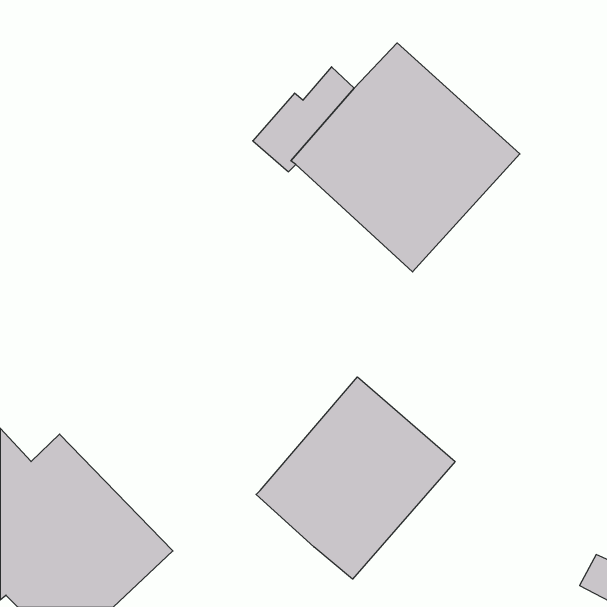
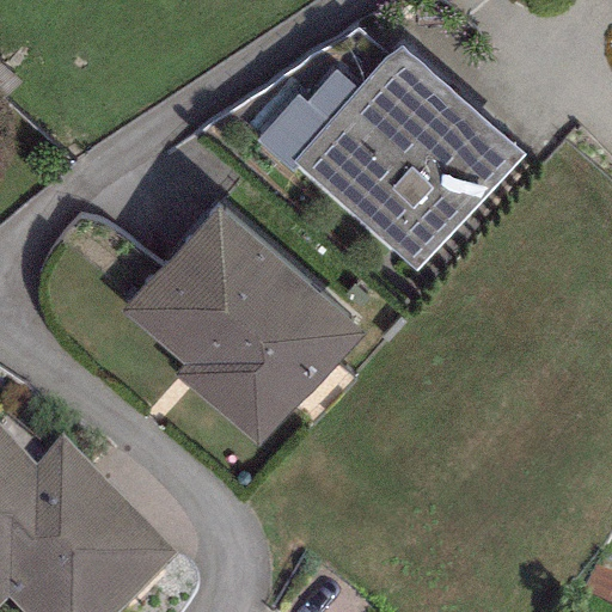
building: none -> [121,203,361,446]
building: [256,377,455,579] -> none

